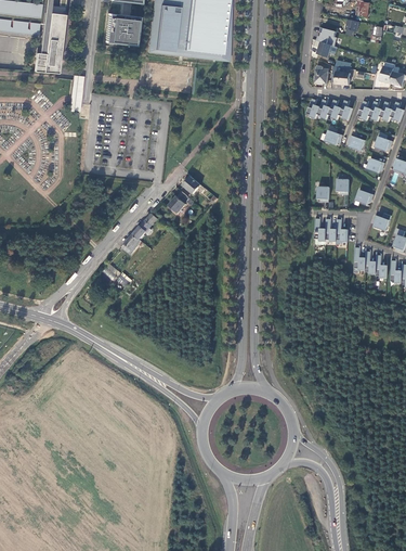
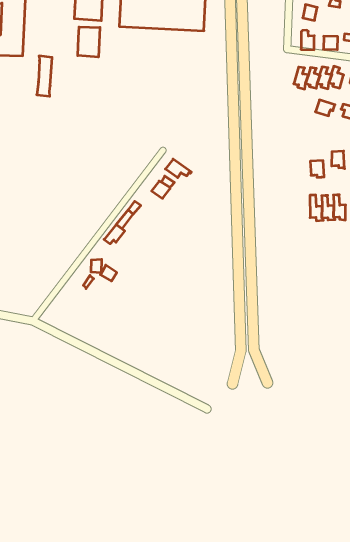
building: none -> [78,27,100,57]

